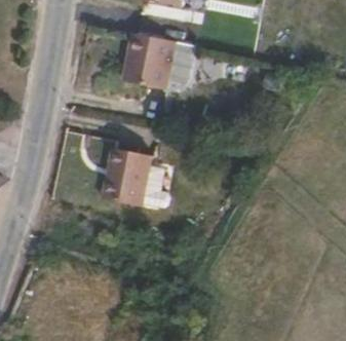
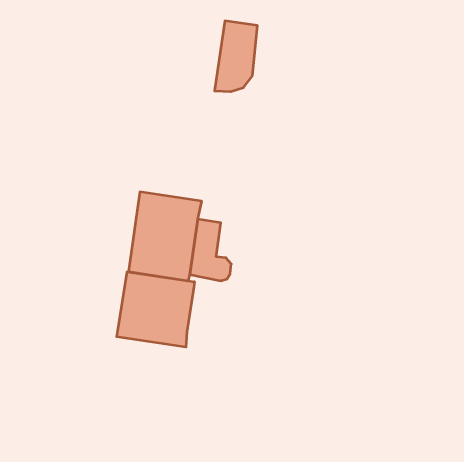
building: [122,32,175,88] -> none
building: none -> [117,272,194,347]

